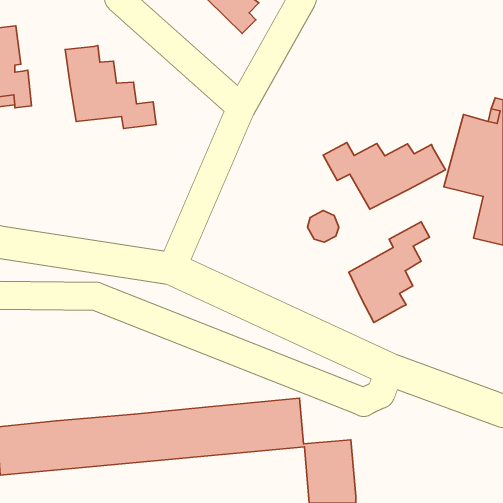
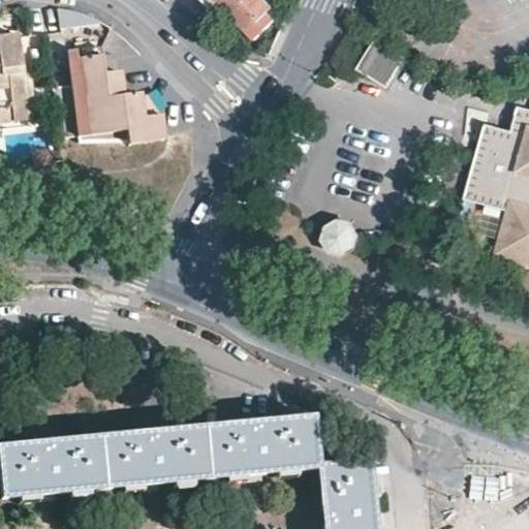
building: none -> [355,37,405,87]
building: [323,143,446,209] -> none
building: [349,222,430,322] -> none

